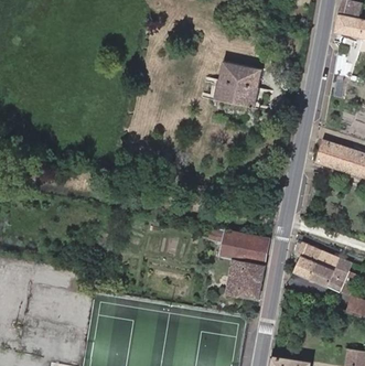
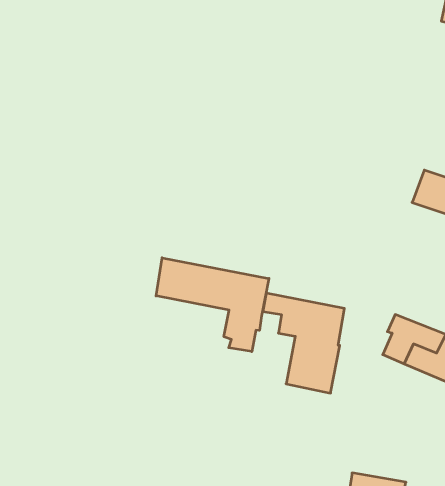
building: [216,62,261,106] -> none
building: none -> [156,258,269,352]

